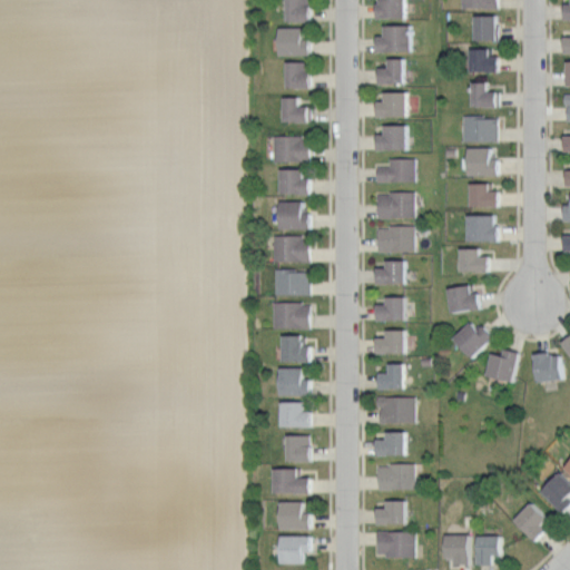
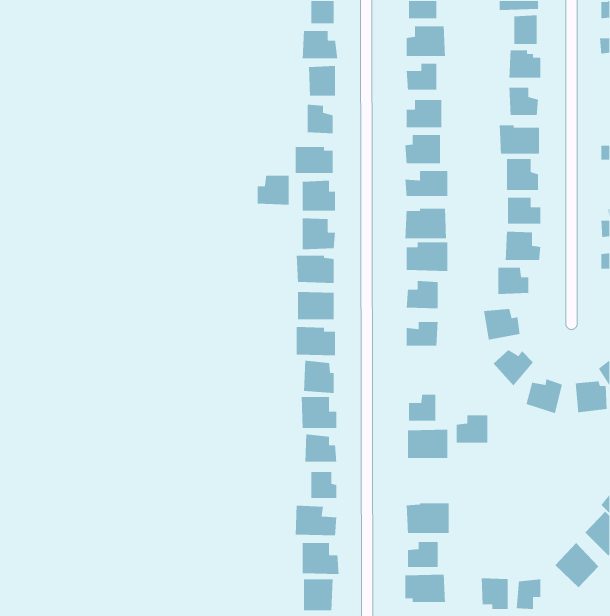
building: none -> [257,175,289,205]
building: [375,330,405,355] -> none
building: [375,431,405,458] -> [456,414,488,443]

